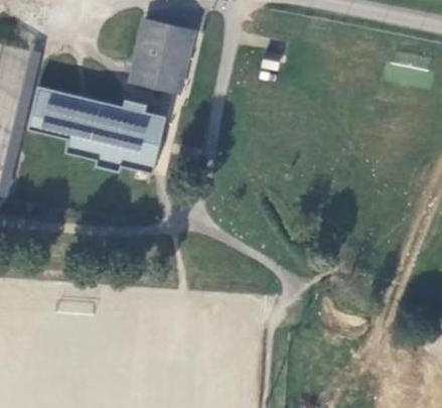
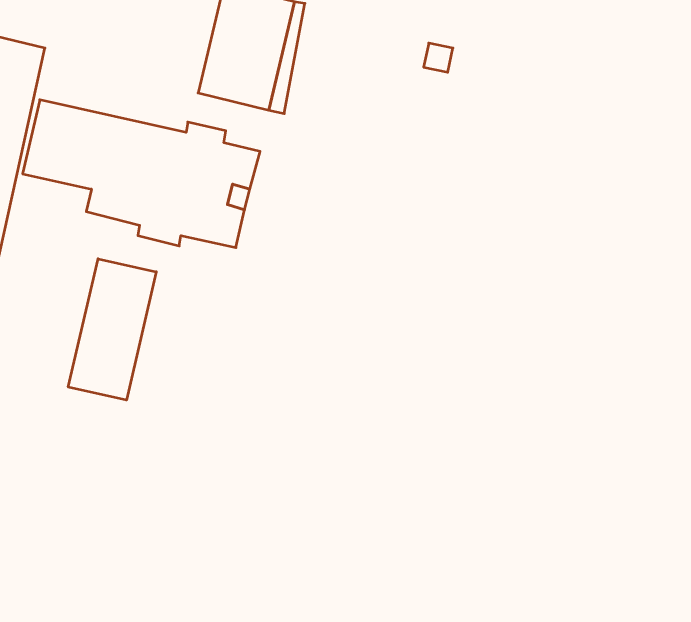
building: none -> [68,259,156,400]

